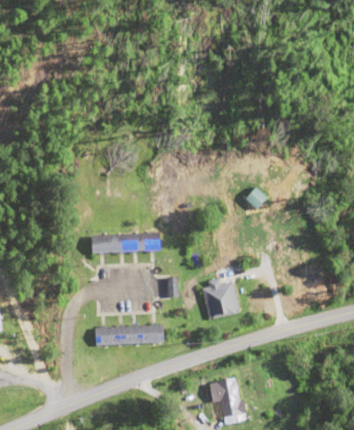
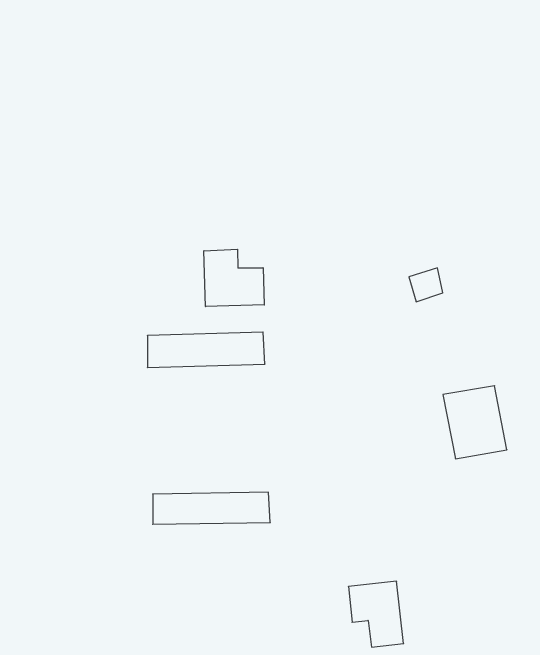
building: none -> [204,249,264,307]
building: [202,276,239,318] -> [443,386,507,459]

